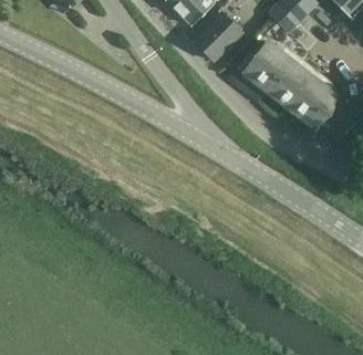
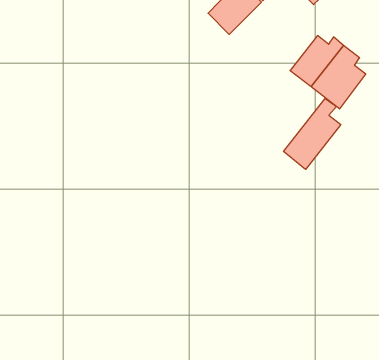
building: [237,42,291,92] -> none
building: none -> [284,99,341,169]

